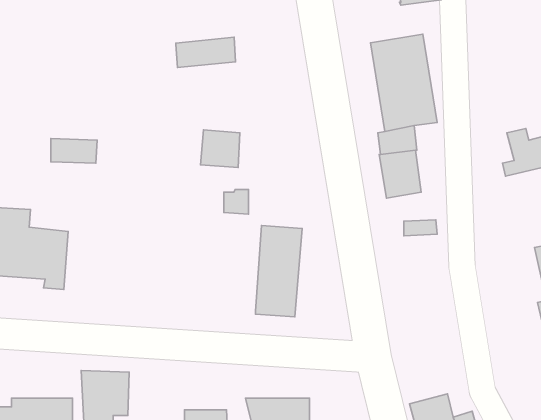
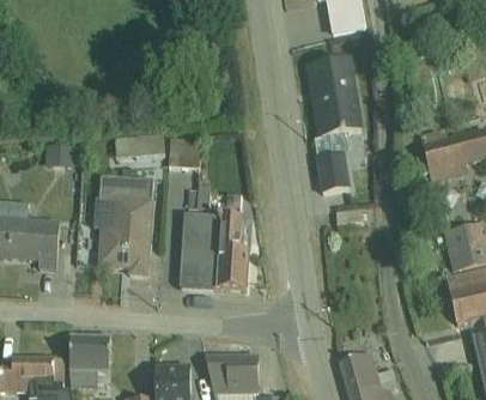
building: [176,37,235,68] -> [114,131,163,156]
building: none -> [95,174,152,273]
building: none -> [178,211,218,285]

